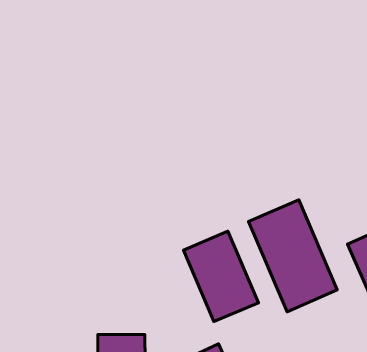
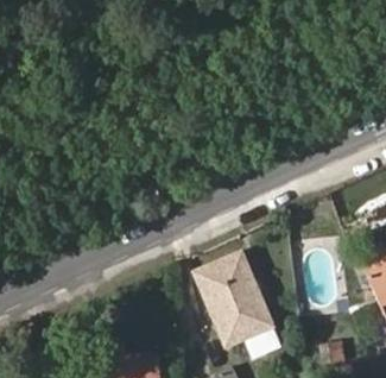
building: [249,200,337,312] -> none

